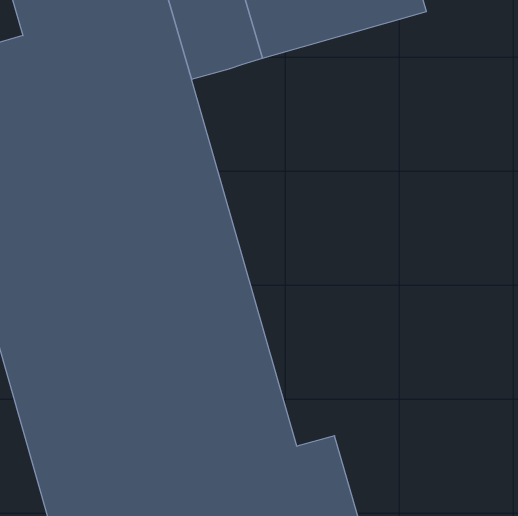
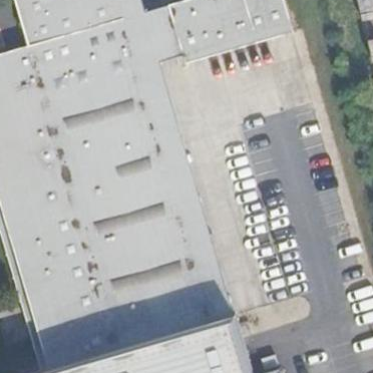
building: none -> [137,69,233,321]

